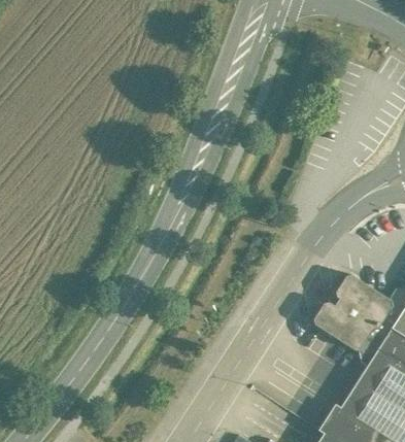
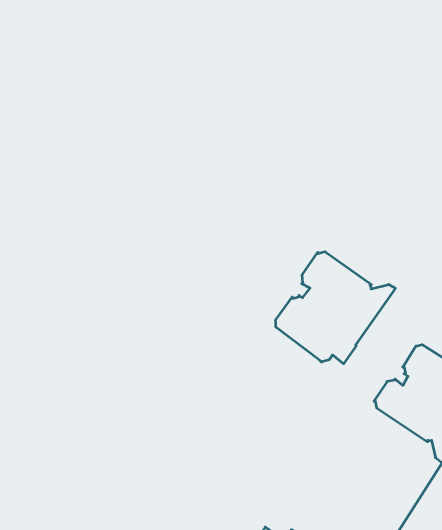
building: none -> [275,252,395,364]

